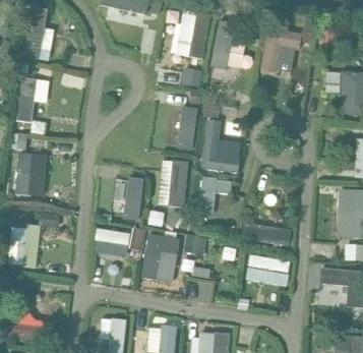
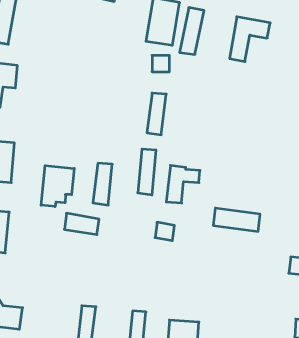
building: [200,121,238,174] -> none
building: none -> [41,166,74,207]
building: [142,234,178,281] -> none
building: [248,253,290,286] -> none

